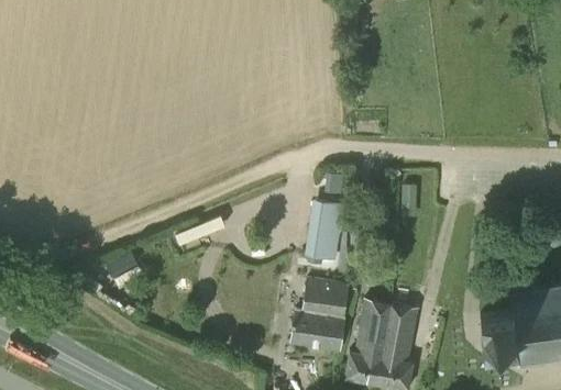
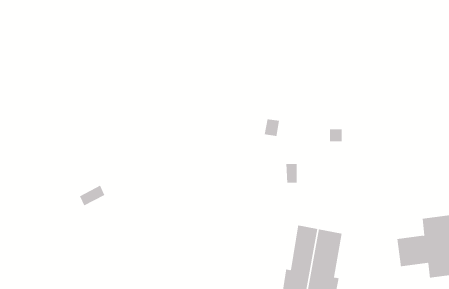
building: [308,202,342,259] -> none
building: [290,278,349,349] -> none

